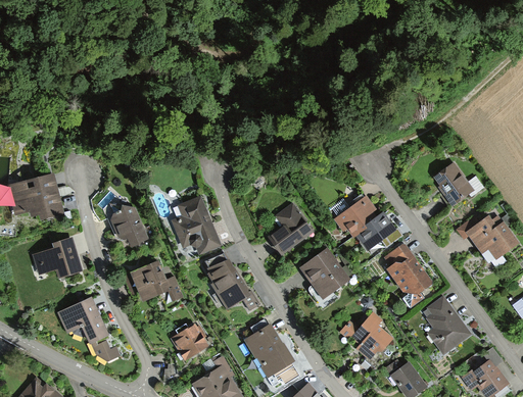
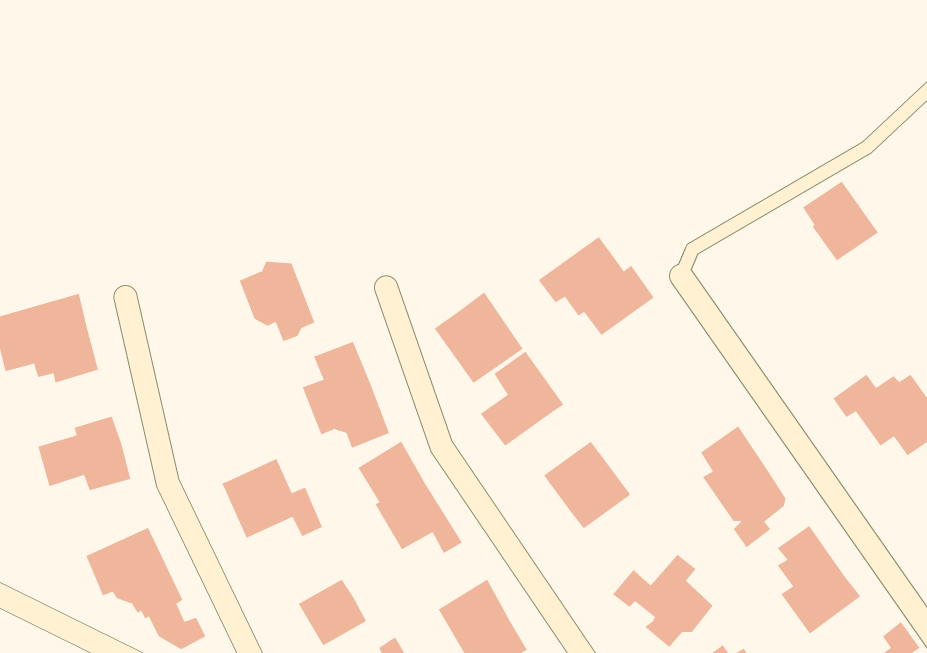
building: [433,161,474,204] -> [802,181,879,261]
building: none -> [434,291,523,384]
building: [333,196,395,249] -> [538,236,655,336]
building: [107,206,148,249] -> [239,261,315,342]

